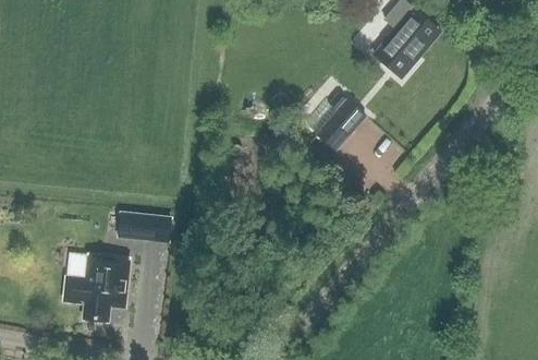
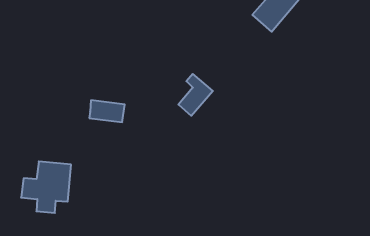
building: [317,93,364,149] -> [178,74,213,116]
building: [119,212,167,241] -> [89,100,125,122]

